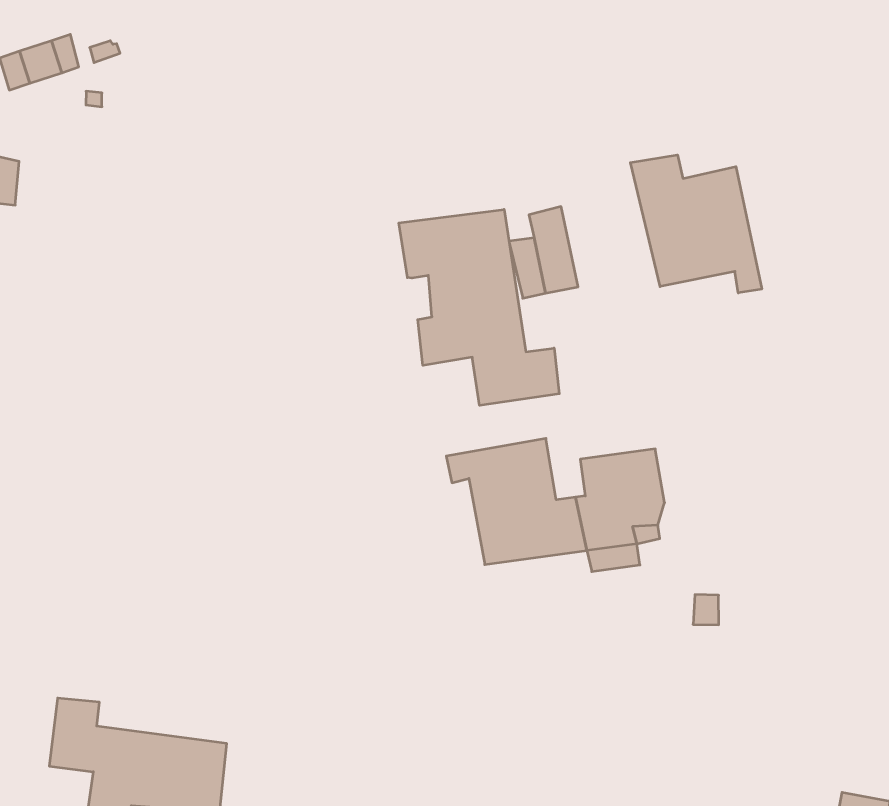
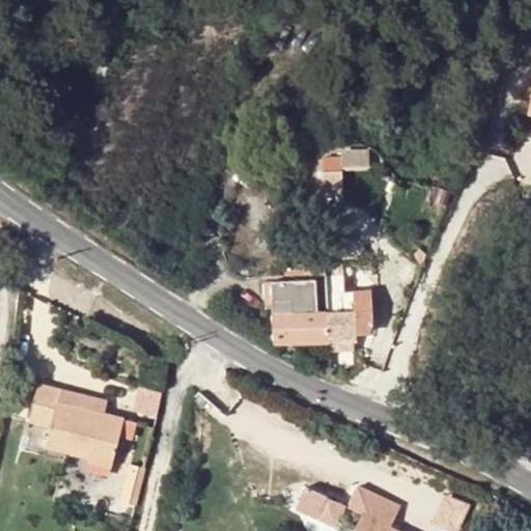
building: [630,155,762,293] -> none
building: [399,209,559,405] -> none

